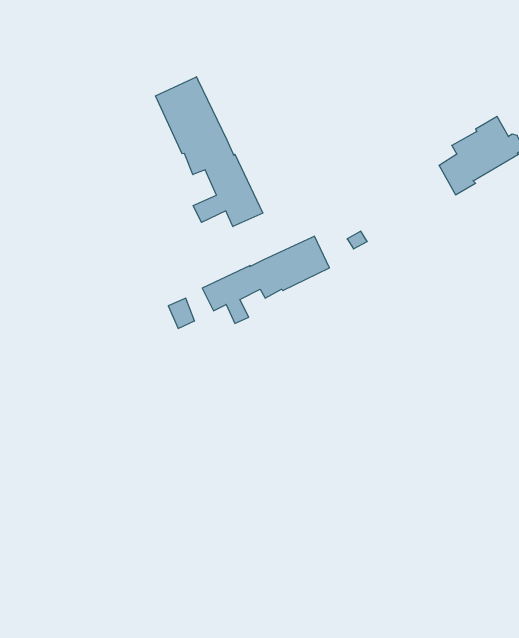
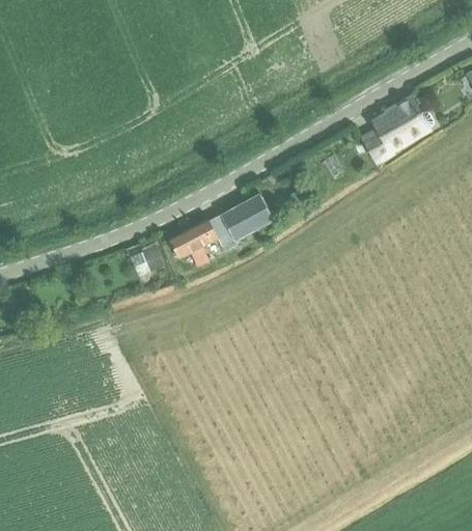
building: [155,77,263,227] -> none

